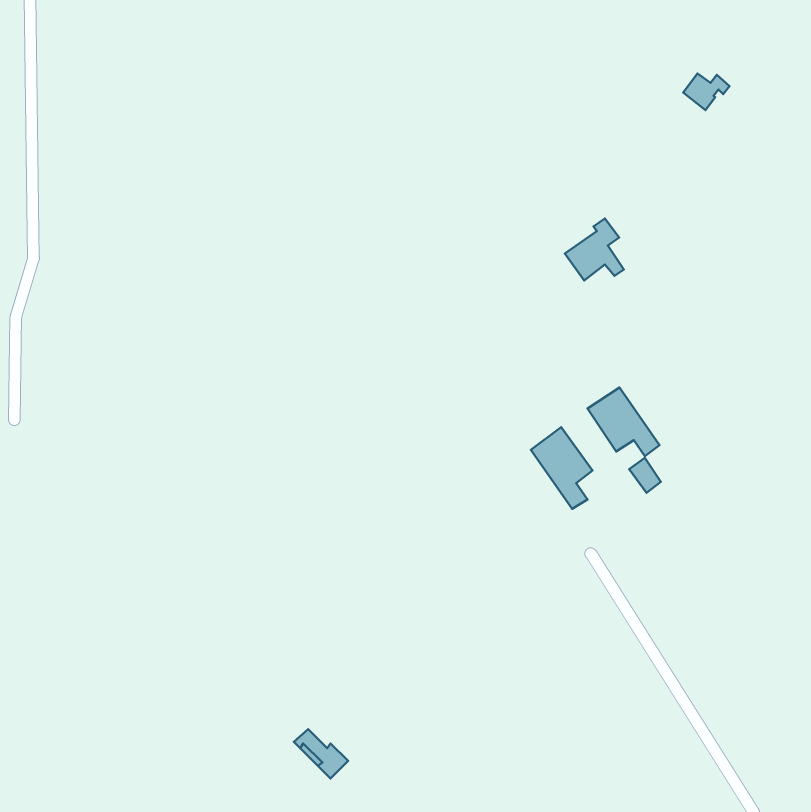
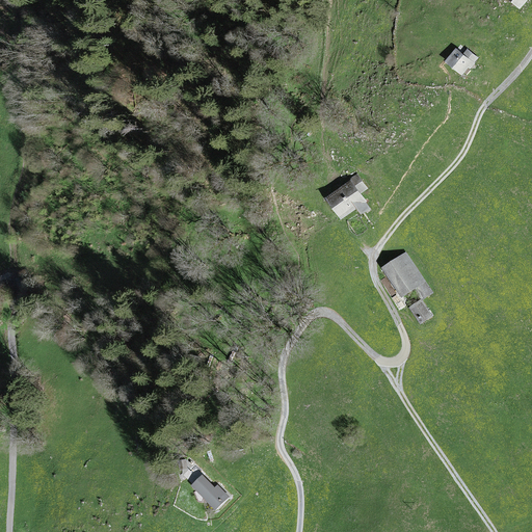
building: [565,218,624,281] -> [328,174,367,214]
building: [531,427,592,509] -> none

